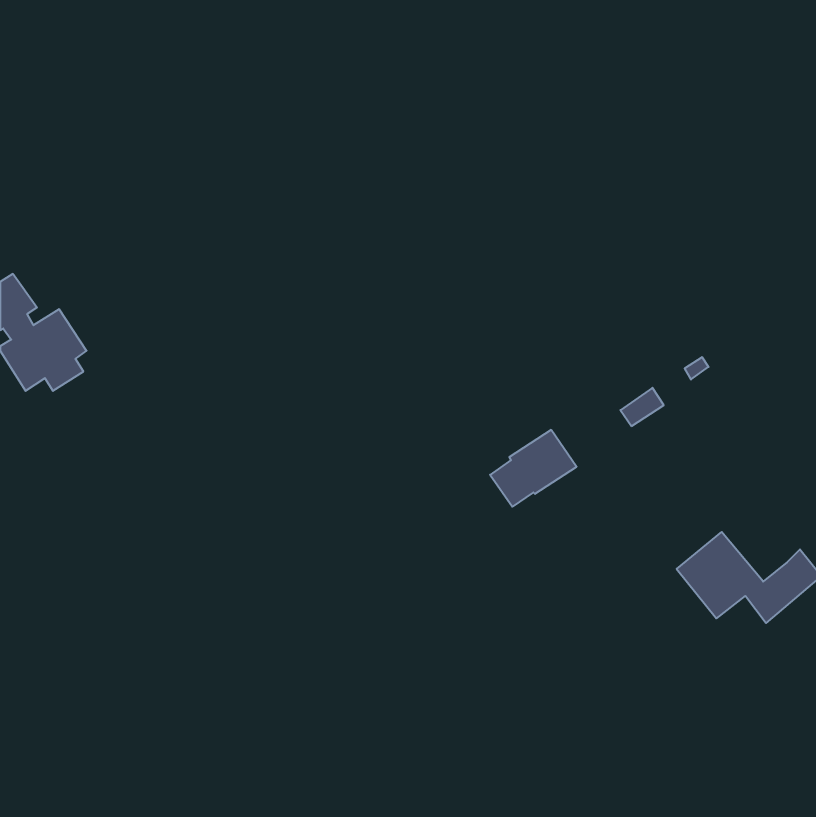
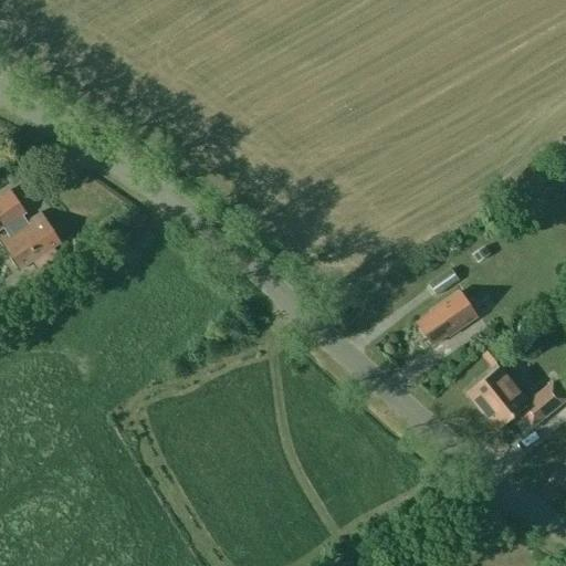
building: [490,430,577,507] -> [418,291,478,344]

